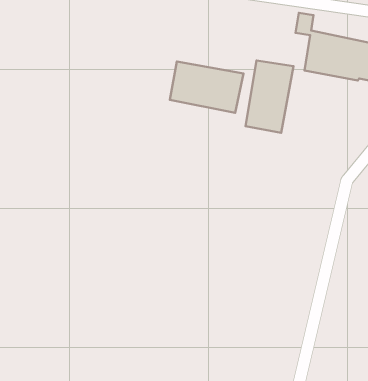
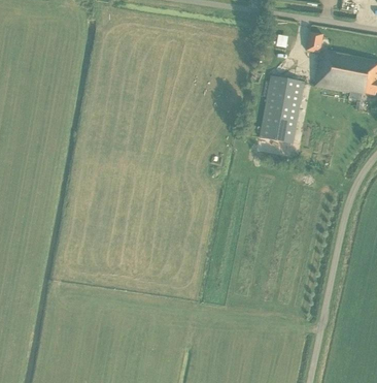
building: [170,61,244,113] -> none

